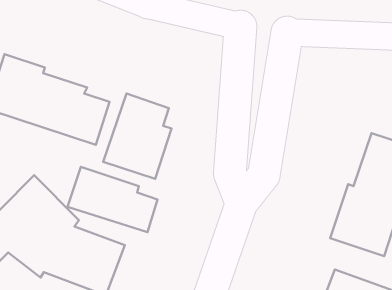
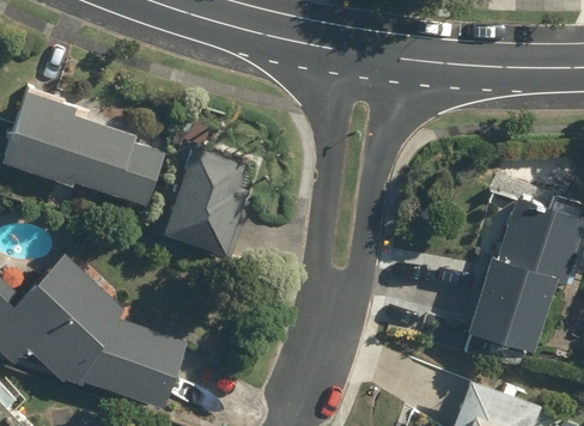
building: [68,167,158,232] -> none

